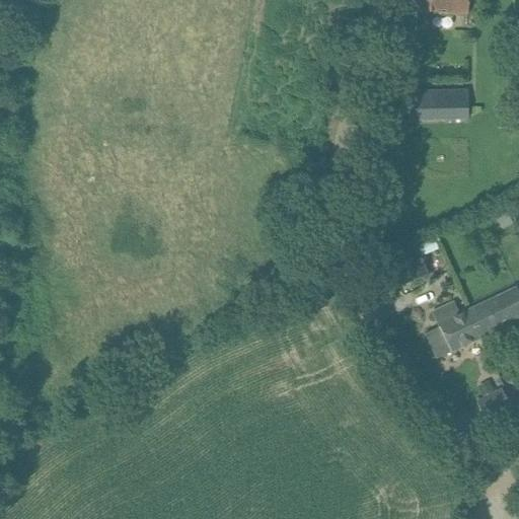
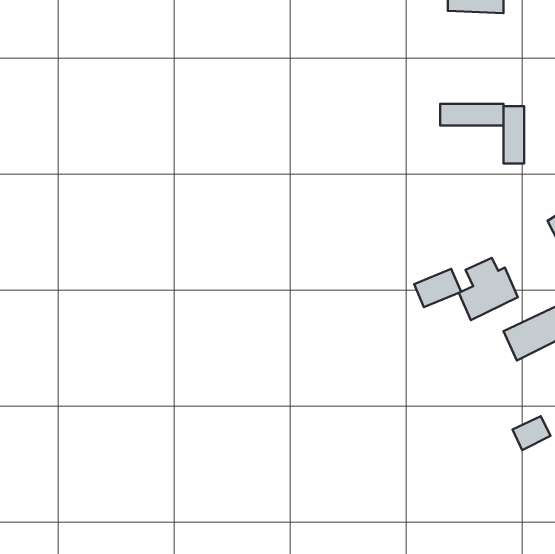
building: none -> [504,106,524,164]
building: [428,298,483,356] -> [459,258,518,320]

